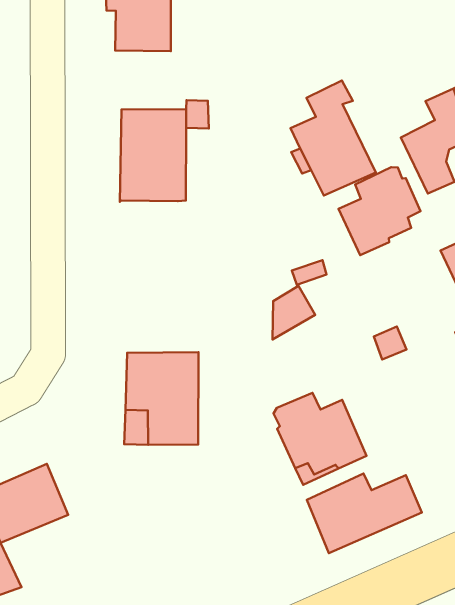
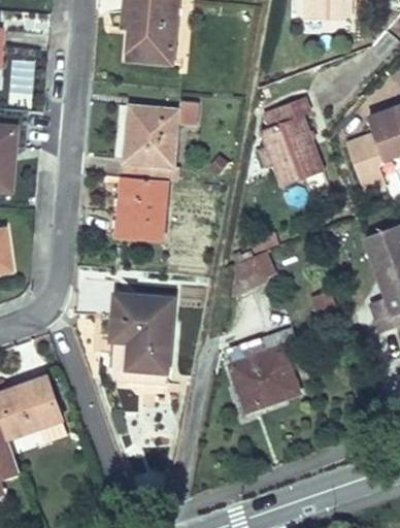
building: [339,167,420,255] -> none
building: none -> [118,176,167,239]
building: [307,474,422,553] -> none

